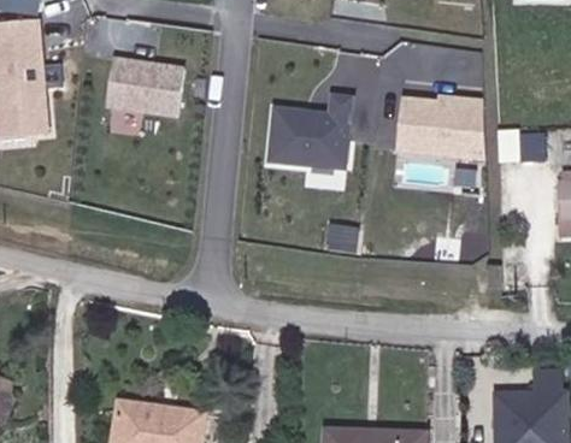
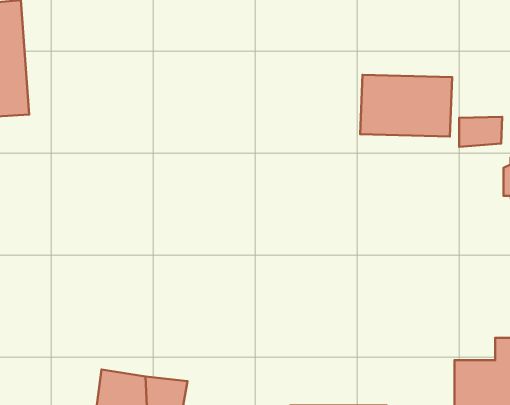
building: [105,57,189,116] -> none
building: [265,90,354,170] -> none

